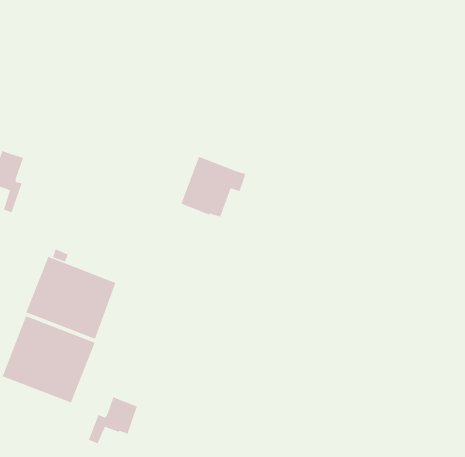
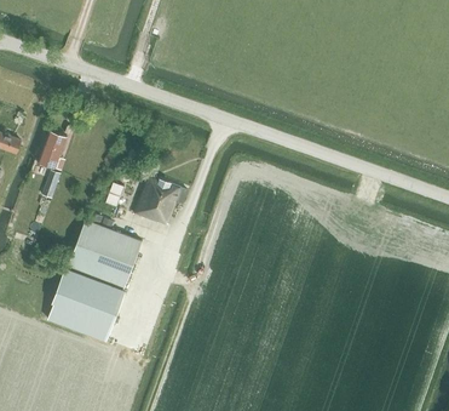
building: [181,156,246,217] -> [133,175,186,224]
building: [88,397,138,444] -> none

